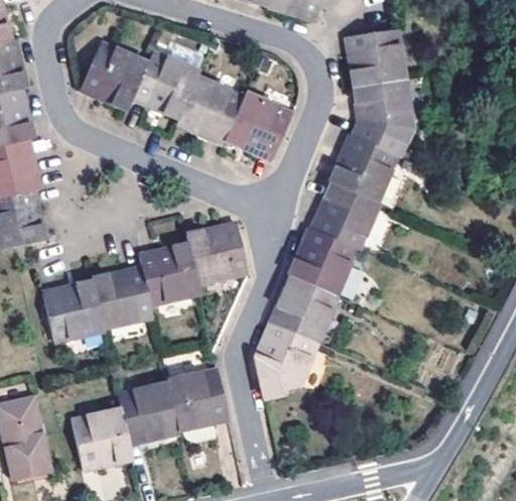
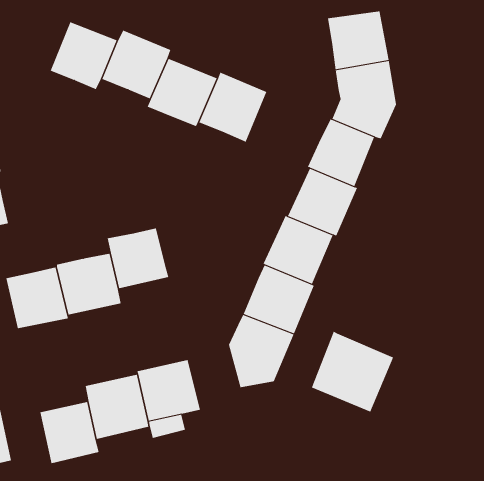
building: [183,222,245,281] -> none
building: none -> [311,331,394,413]

